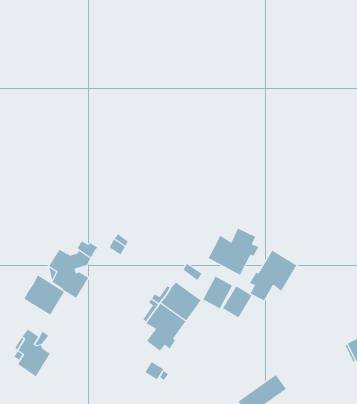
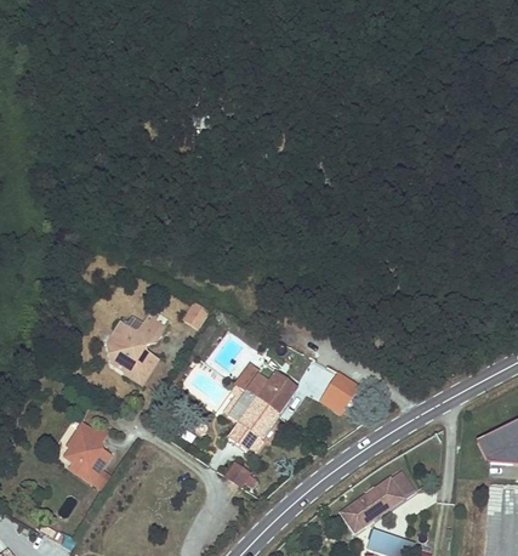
building: [208,228,259,276] -> none
building: [249,250,298,301] -> none
building: [24,275,65,315] -> none

